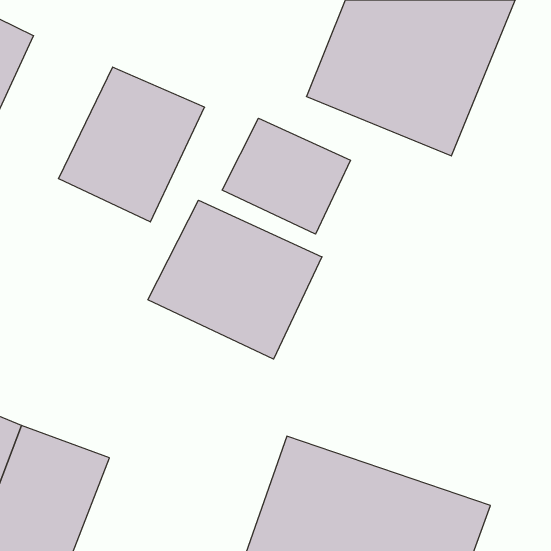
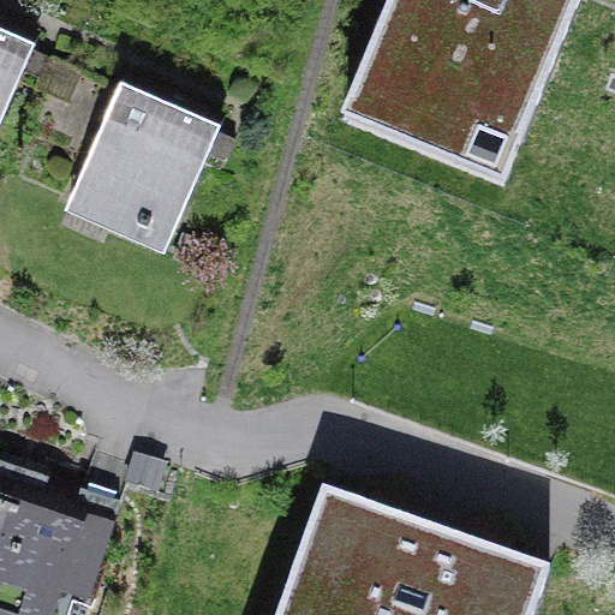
building: [222,118,350,234] -> none
building: [148,200,322,359] -> none

